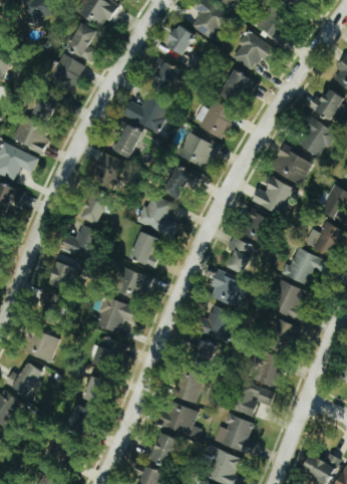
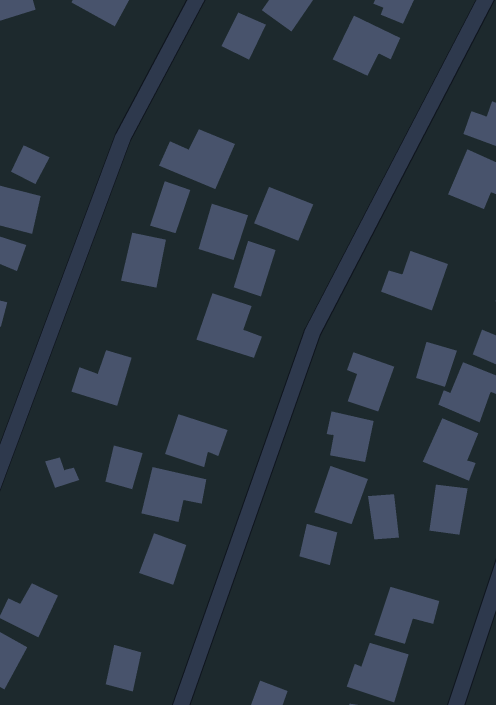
building: [65,21,95,61] -> none
building: [50,54,84,89] -> none
building: [149,60,178,93] -> none
building: [220,69,252,104] -> none
building: [193,99,235,137] -> none
building: none -> [198,203,249,261]
building: [271,146,312,184] -> none
building: [80,190,107,224] -> none
building: [242,211,269,240] -> [415,341,458,388]
building: [129,232,161,266] -> none
building: [48,261,73,289] -> [104,445,143,490]
building: [25,329,59,362] -> none
building: [261,357,279,385] -> [367,494,400,540]
building: [175,370,204,402] -> none
building: [82,376,104,403] -> none
building: [159,401,202,438] -> none

